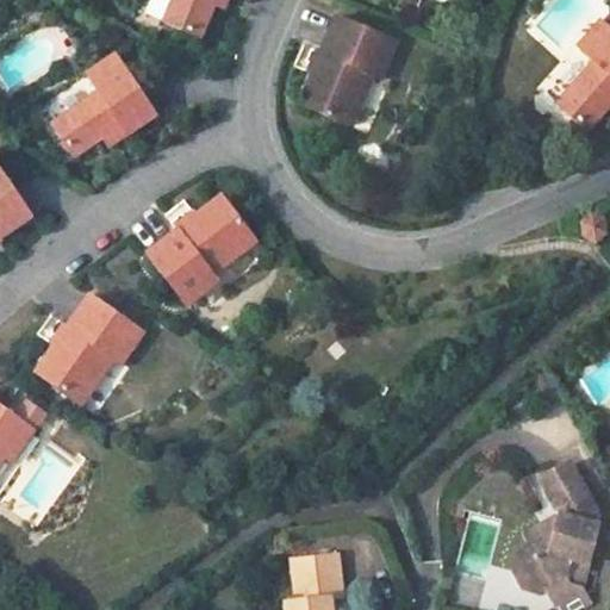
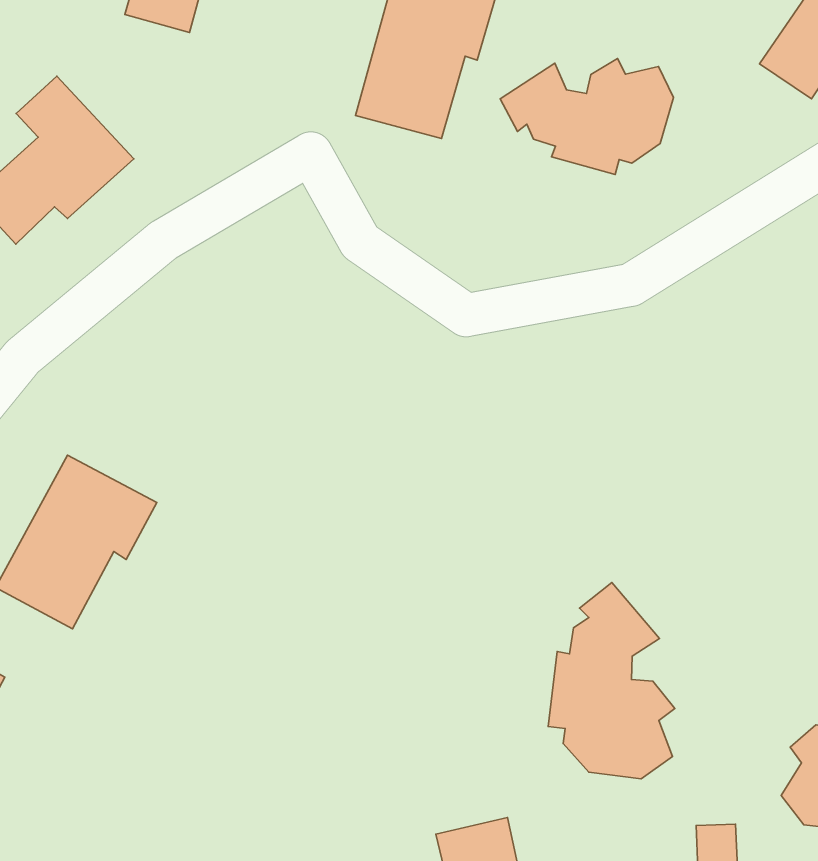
building: none -> [500,58,673,174]
building: [145,194,254,303] -> none
building: none -> [548,583,675,779]

